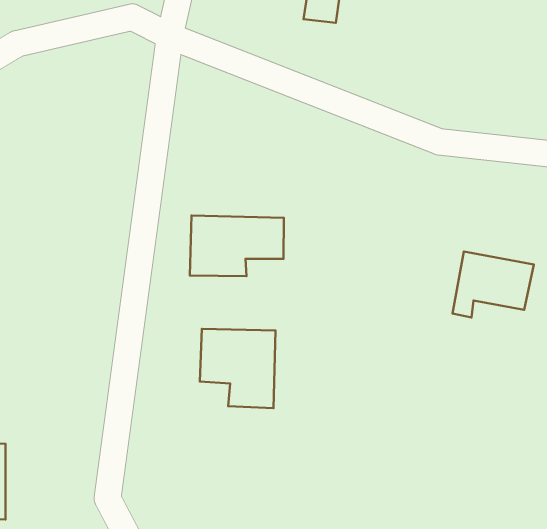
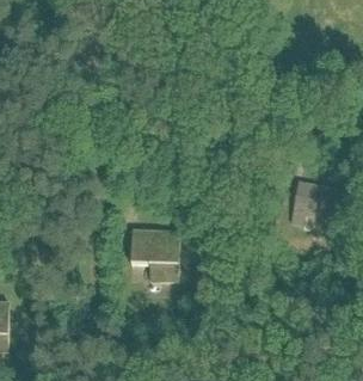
building: [190,216,284,276] -> none

